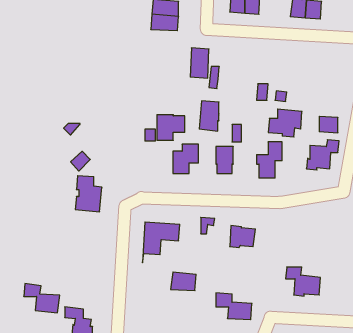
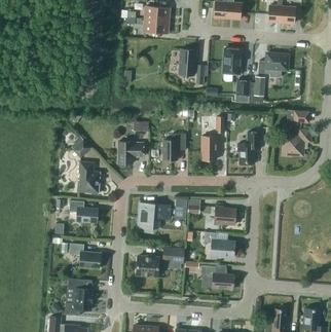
building: [199,101,219,131] -> [223,47,241,74]
building: [268,109,302,137] -> [258,52,288,77]
building: [157,115,185,140] -> [118,141,143,163]
building: none -> [69,199,98,222]
building: [286,267,320,296] -> [204,232,234,258]
building: none -> [137,256,158,275]
building: [24,284,60,313] -> [69,243,101,268]

